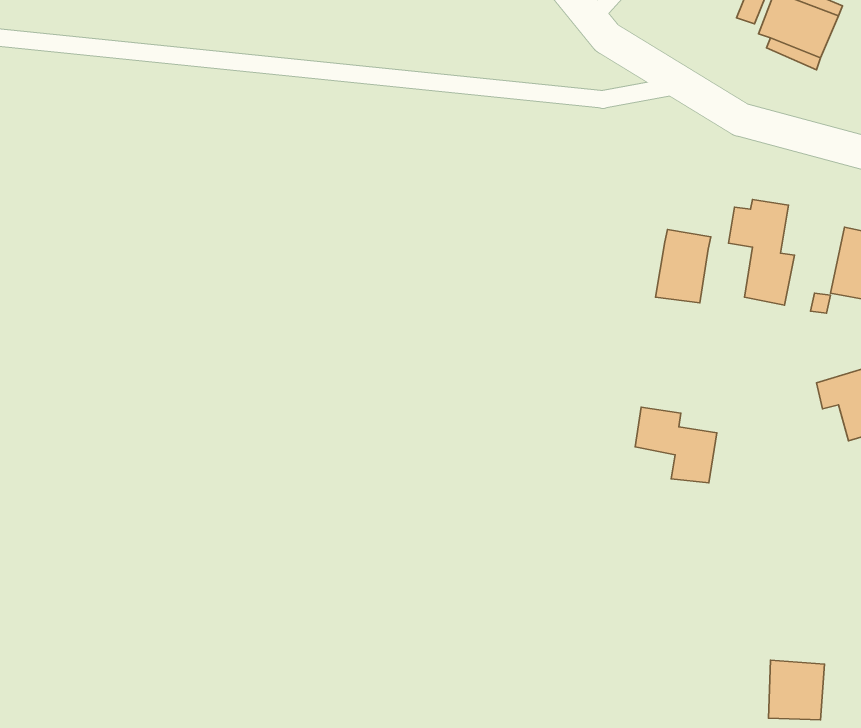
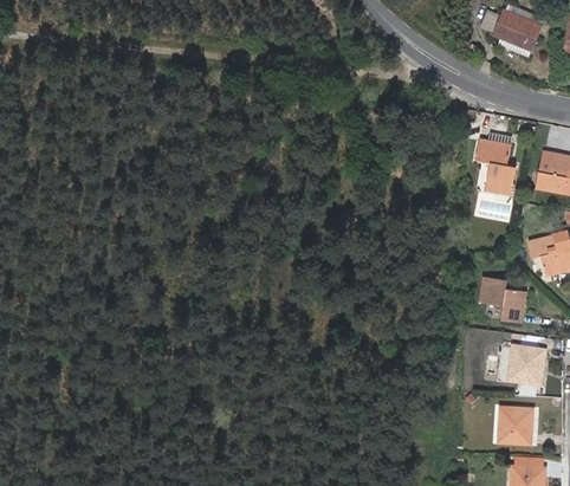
building: [656,230,711,303] -> none
building: [635,407,717,483] -> [478,277,526,322]
building: none -> [507,345,544,384]

